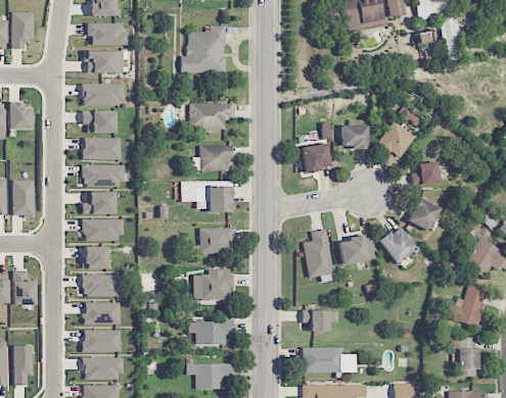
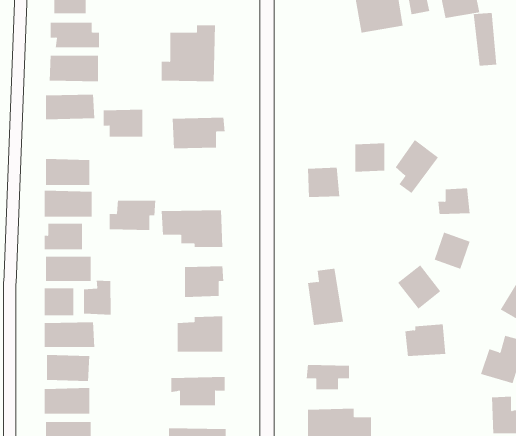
building: [82,109,116,133] -> [103,109,143,137]
building: [193,145,233,170] -> [109,200,156,231]
building: [339,235,374,262] -> [405,324,446,357]
building: none -> [84,280,111,315]

